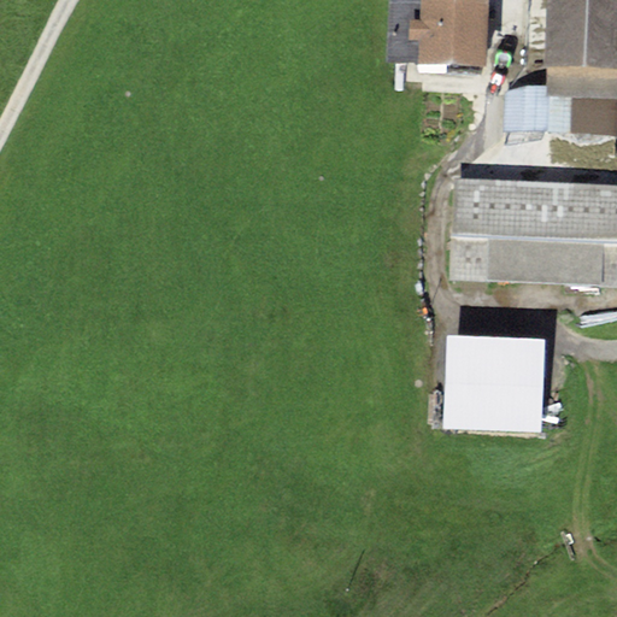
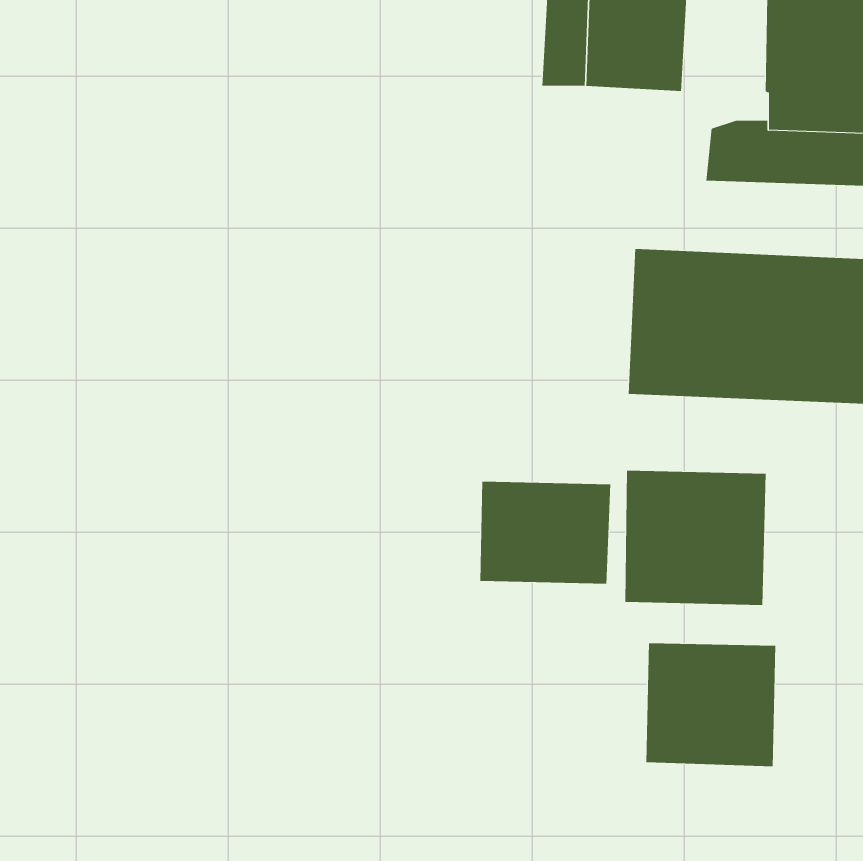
building: none -> [480,481,611,584]
building: none -> [646,642,776,767]

